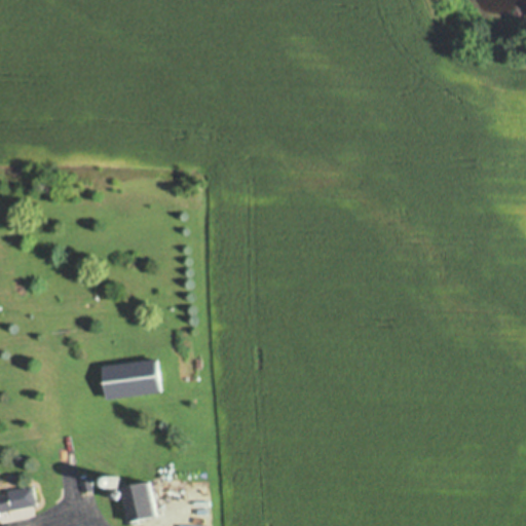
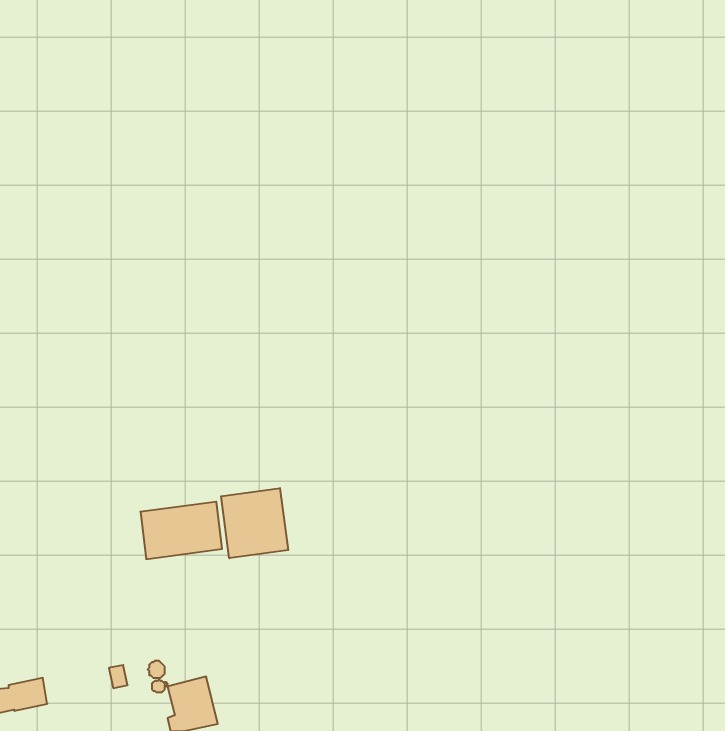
building: none -> [221,488,288,558]

